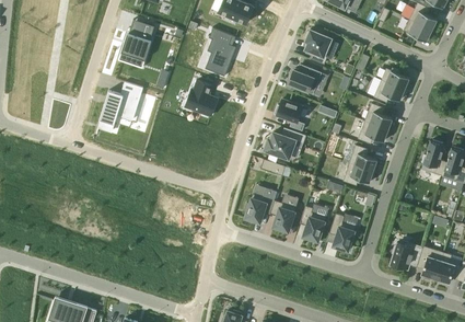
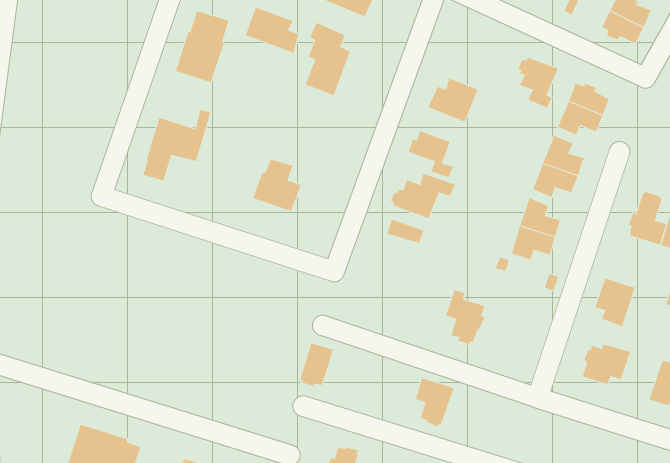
building: none -> [245,7,299,53]
building: [304,31,332,65] -> [518,57,559,108]
building: [185,81,218,116] -> [252,159,301,211]
building: [245,194,268,223] -> [299,343,334,387]
building: [270,200,297,233] -> [415,378,454,427]
building: [329,214,356,252] -> none
building: [417,246,444,279] -> [595,278,636,327]

